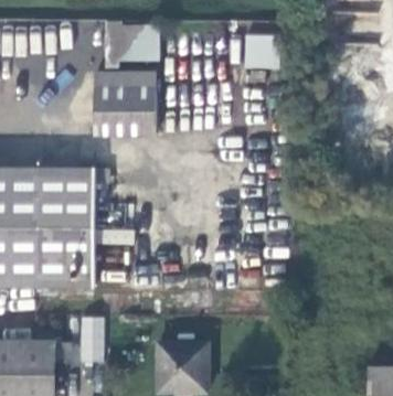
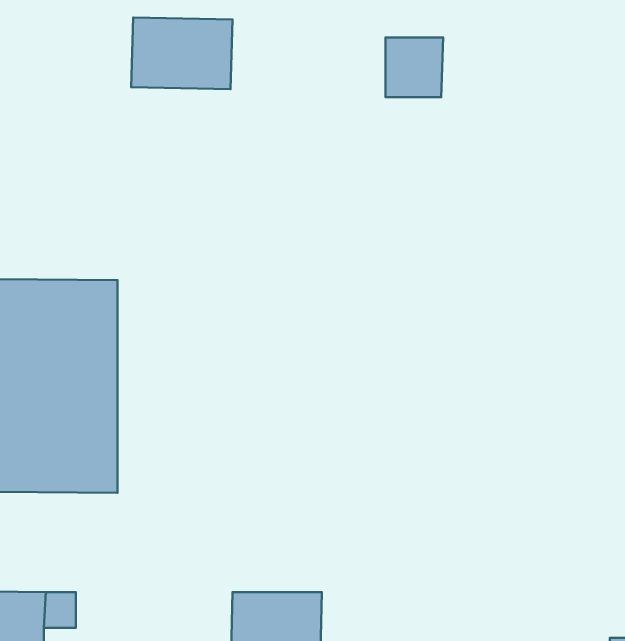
building: [95,73,157,135] -> none
building: [78,317,104,362] -> none

